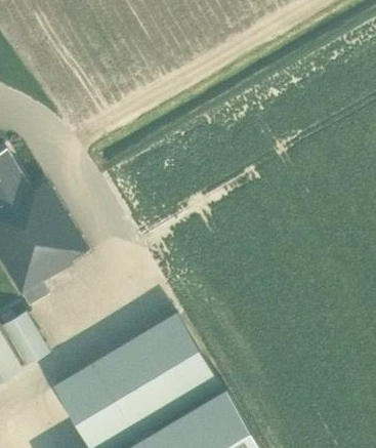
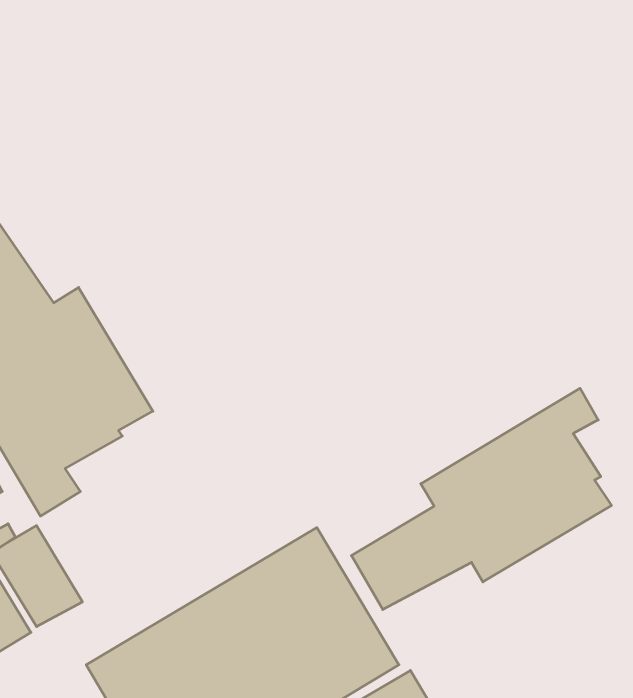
building: none -> [351,388,611,610]

